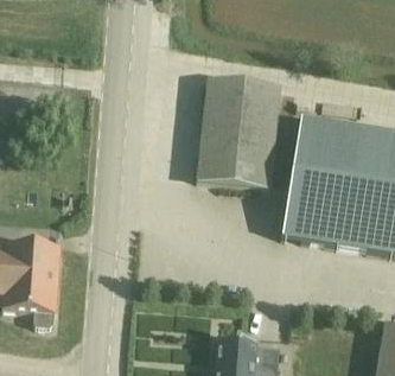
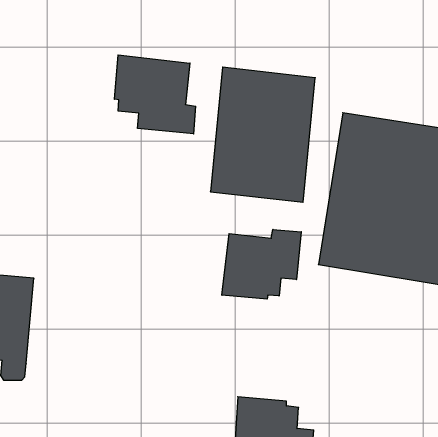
building: none -> [114,55,196,134]
building: none -> [222,229,301,299]

